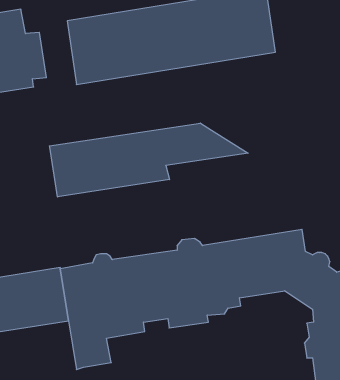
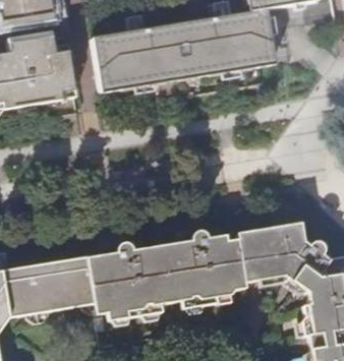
building: [49,123,248,197] -> none

